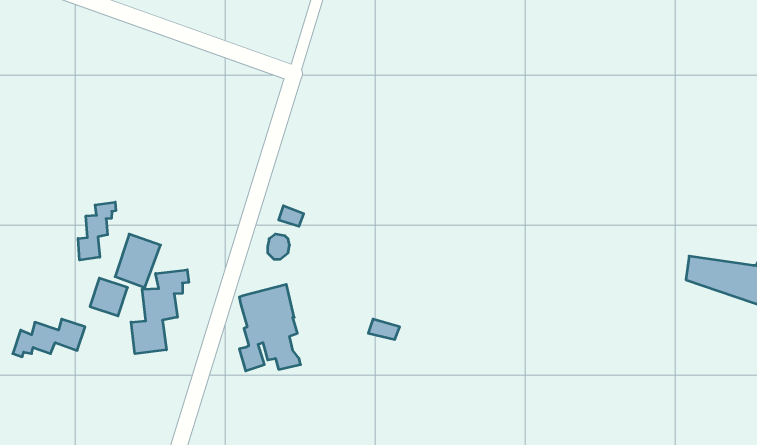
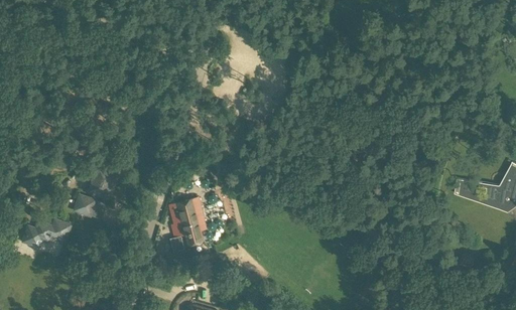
building: [78,202,116,260] -> none
building: [131,270,189,354] -> none

